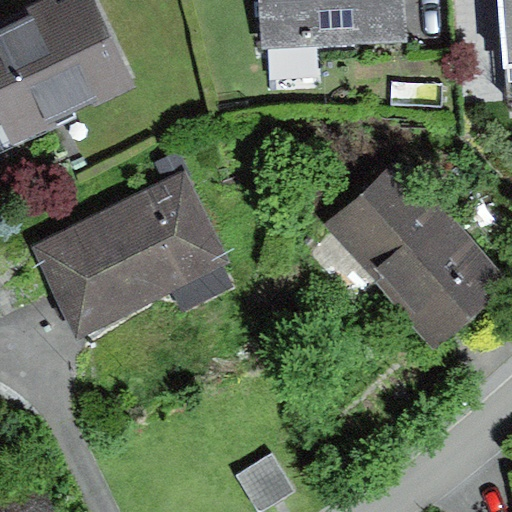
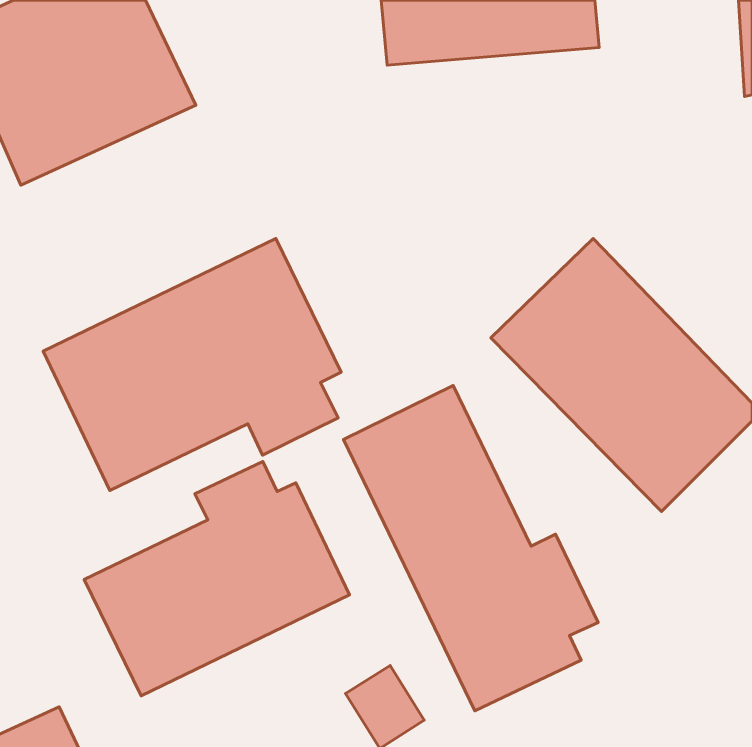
building: none -> [343,386,598,711]
building: none -> [84,461,350,696]

